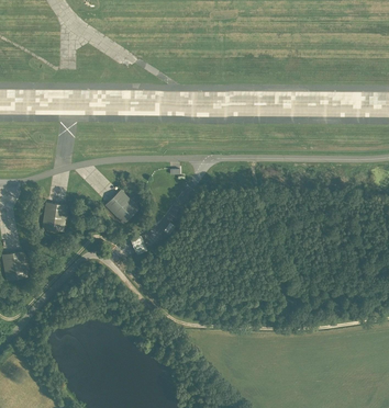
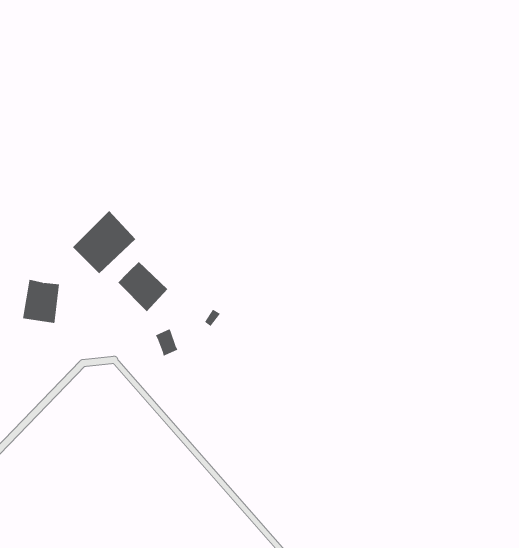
building: none -> [72,210,136,274]

